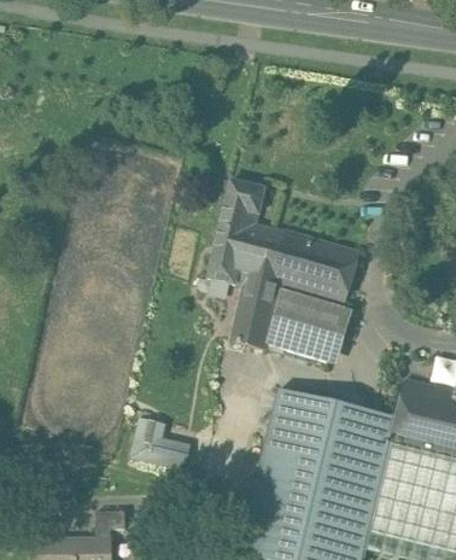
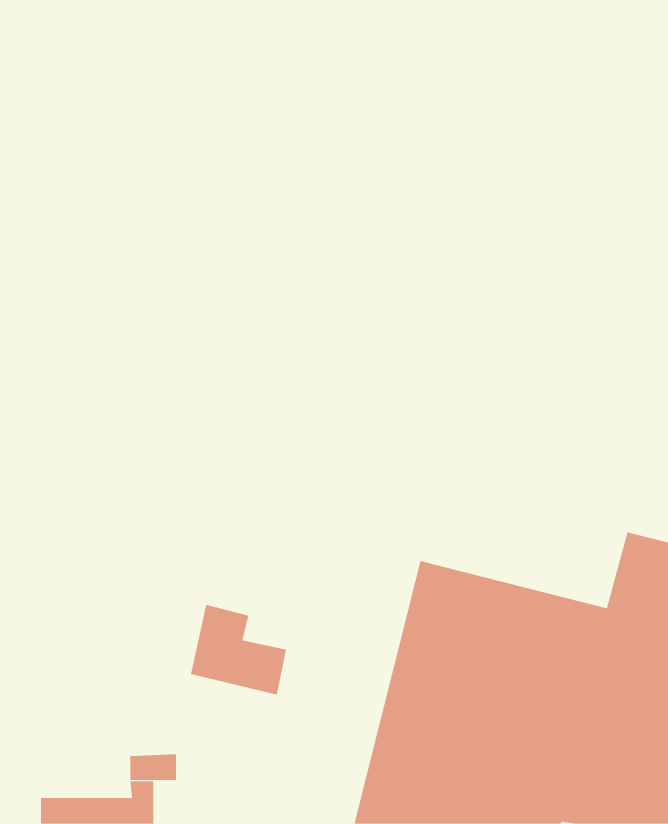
building: [210,179,364,367] -> none

